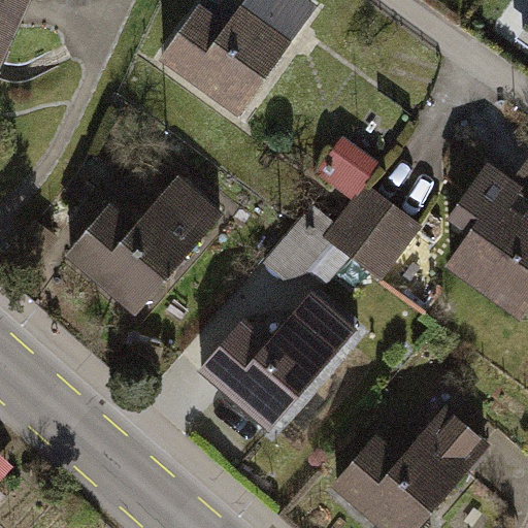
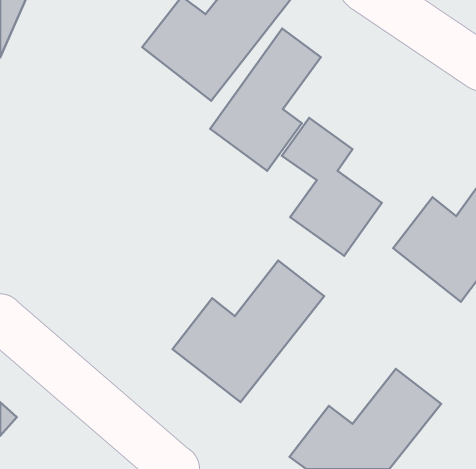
building: none -> [210,29,321,171]
building: [60,169,226,324] -> none

